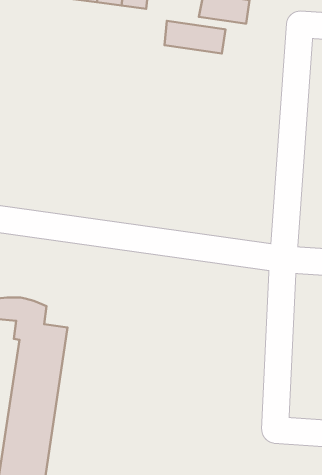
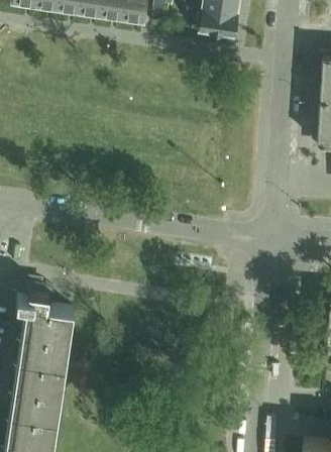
building: [165,21,226,54] -> none

